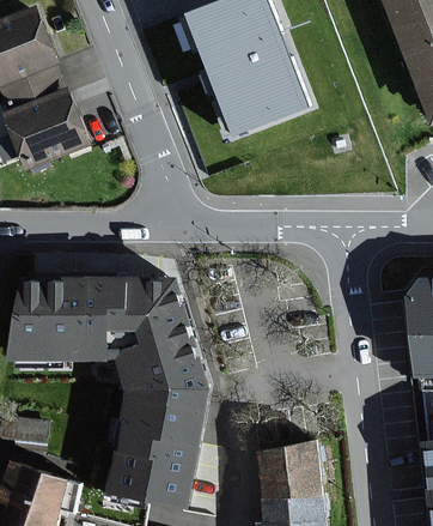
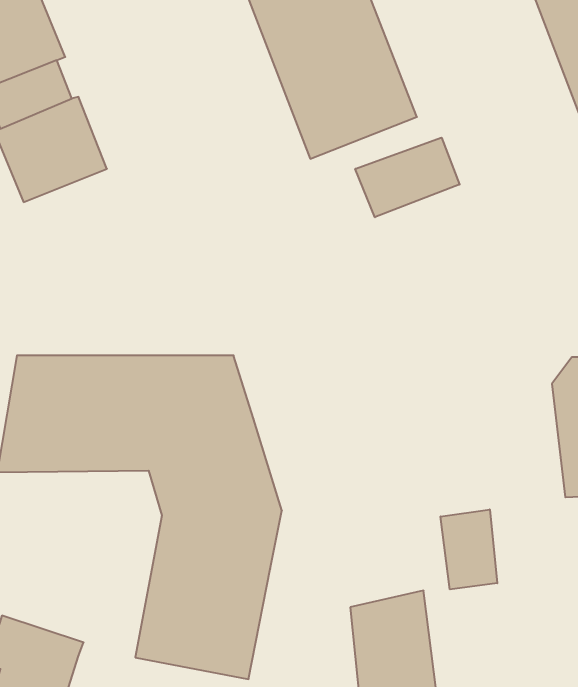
building: none -> [355,138,460,217]
building: none -> [441,509,497,589]

